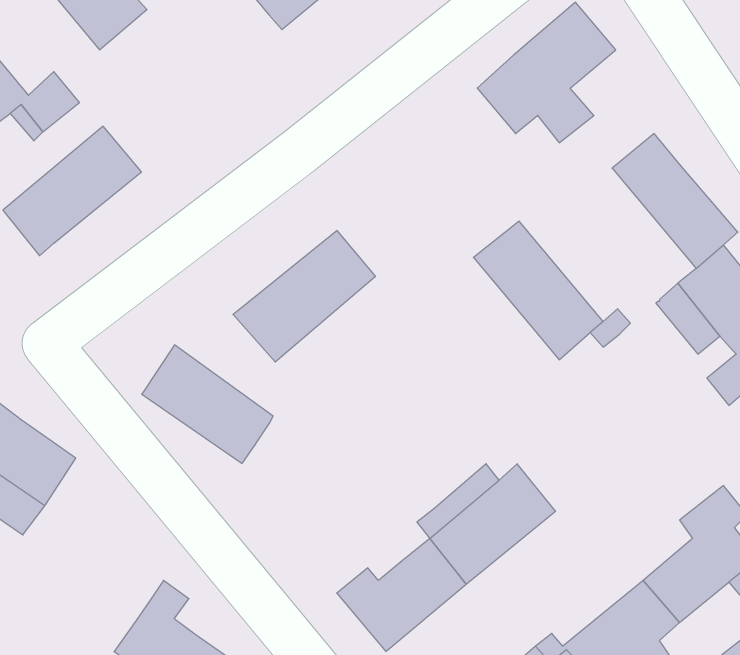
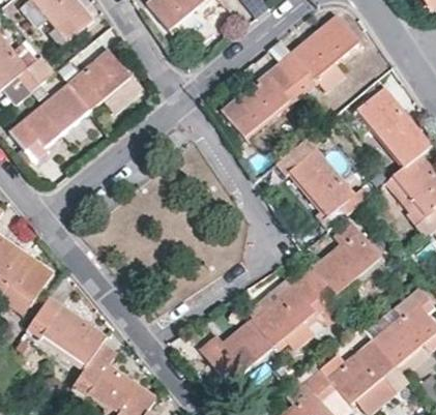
building: none -> [67,51,143,115]
building: [233,231,375,362] -> [221,63,301,138]
building: [142,345,273,463] -> [29,298,104,365]
building: none -> [302,221,381,307]

